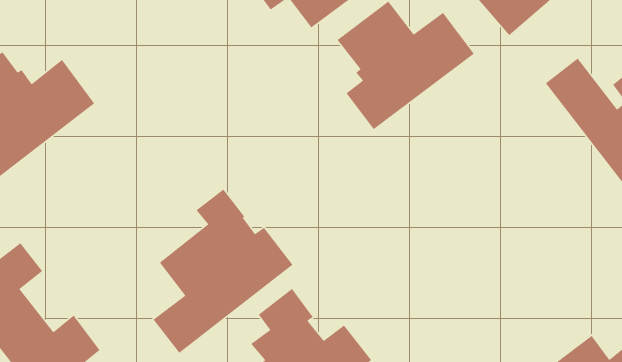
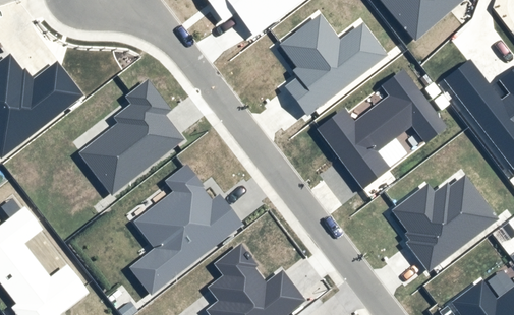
building: none -> [317,70,446,189]
building: none -> [78,78,184,195]
building: none -> [390,175,499,272]

